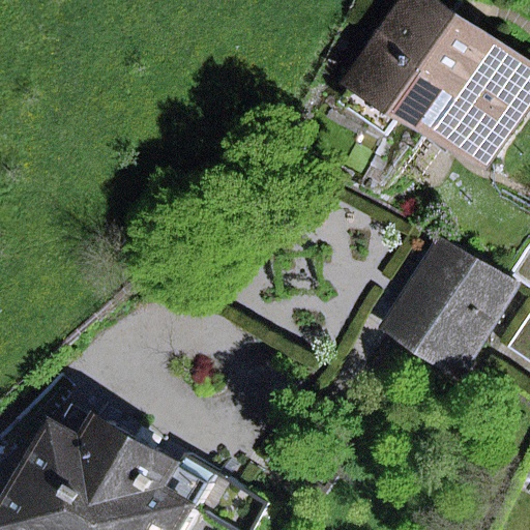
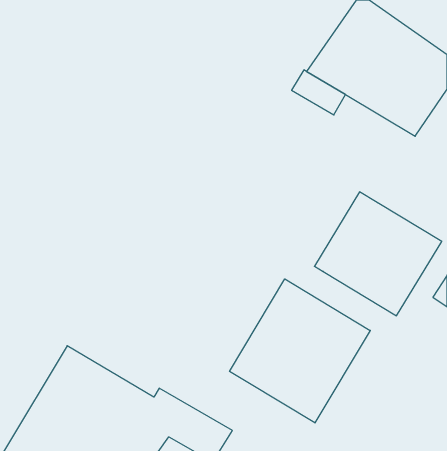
building: none -> [230,279,370,423]

